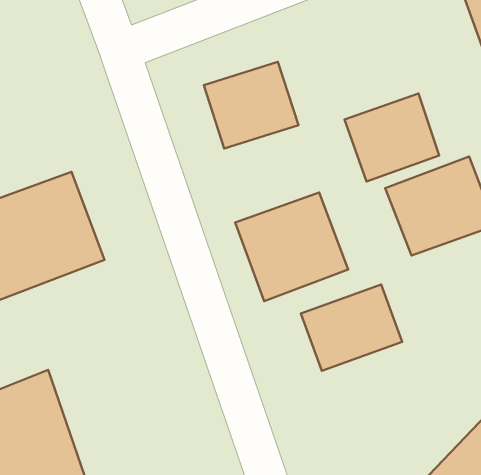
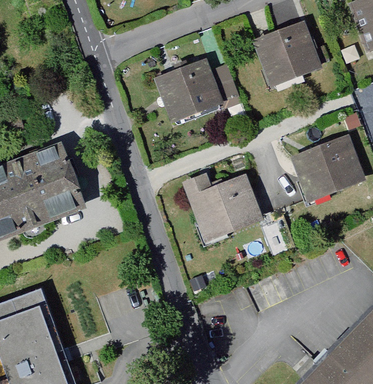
building: [344,94,439,182] -> [255,22,324,86]
building: [301,285,402,371] -> none

